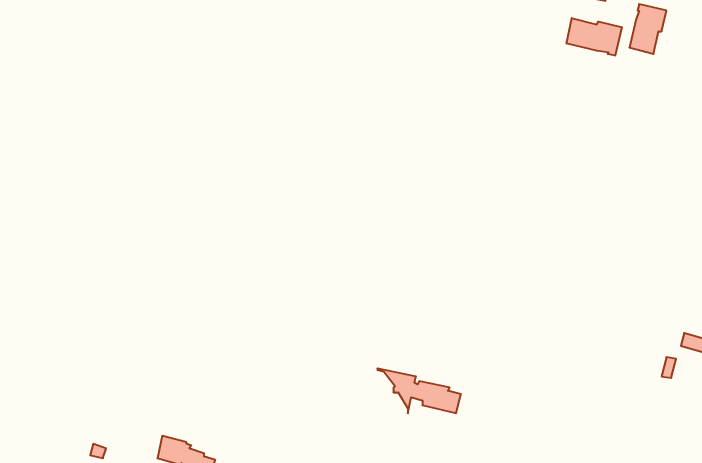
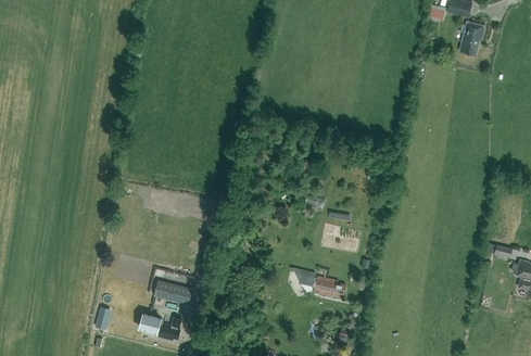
building: [567,18,622,56] -> none
building: none -> [153,279,191,304]

